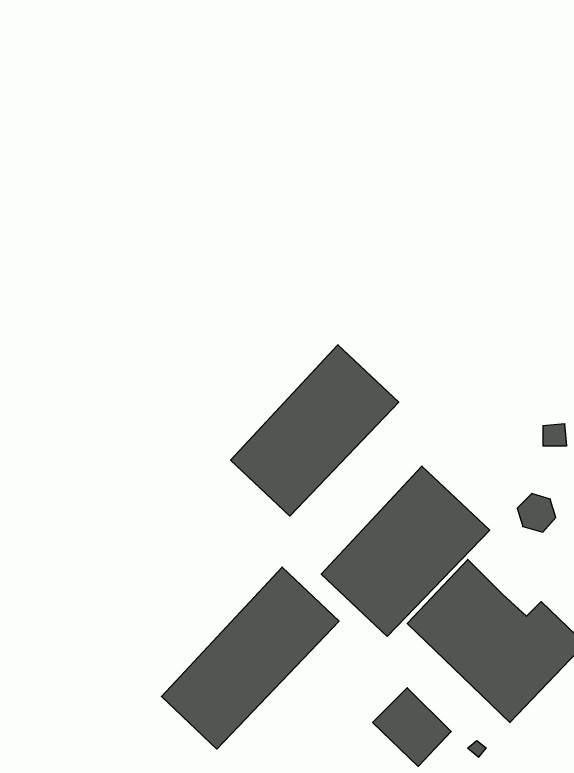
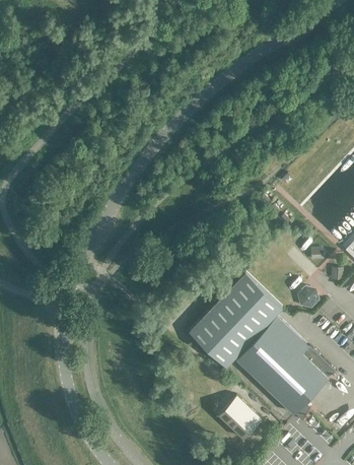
building: [231,345,399,516] -> none
building: [161,567,339,749] -> none

